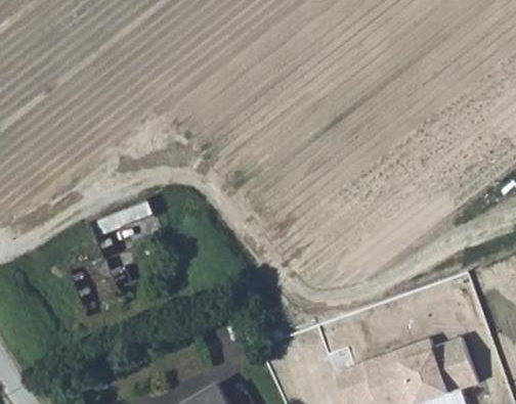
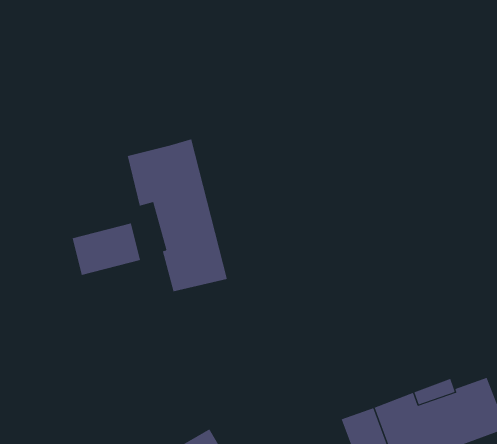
building: none -> [127,138,228,292]

